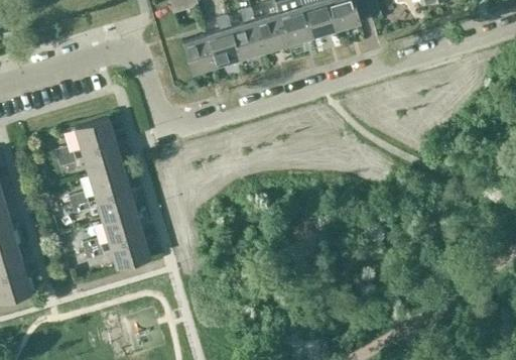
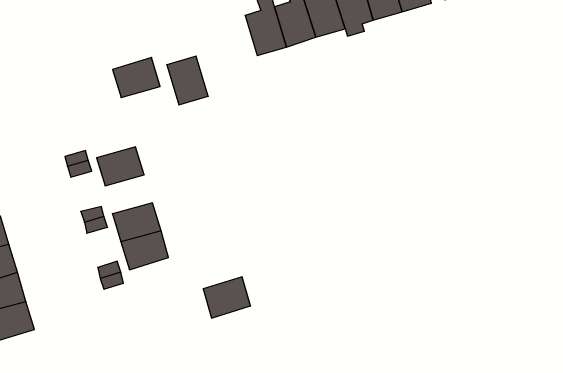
building: [181,32,216,73] -> [167,56,208,105]
building: [76,117,115,150] -> [113,57,160,98]
building: [90,164,129,197] -> none
building: [110,233,149,267] -> [203,277,251,318]

